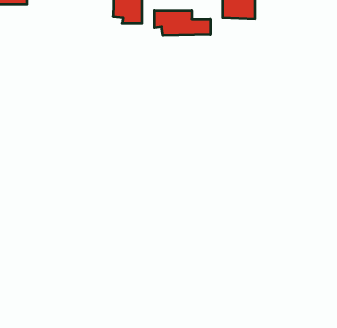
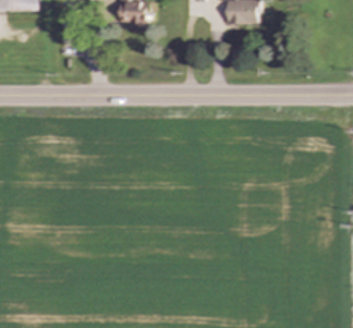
building: [154,10,210,35] -> none

